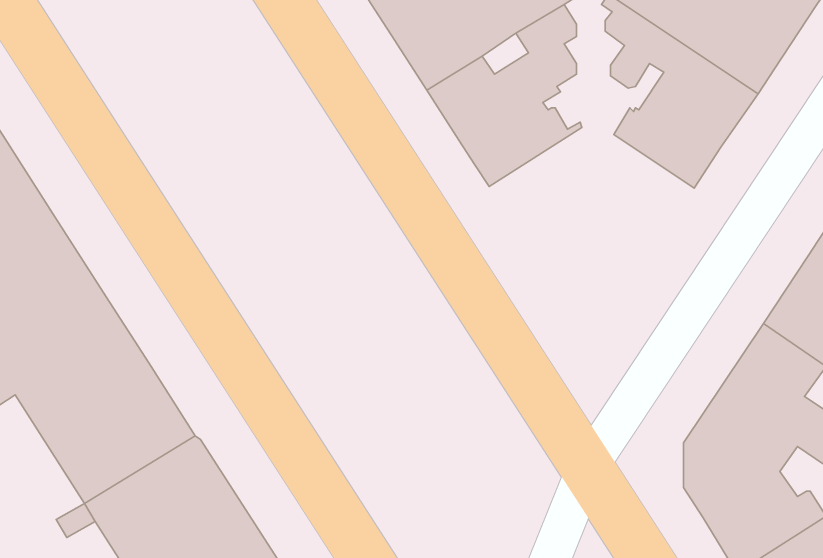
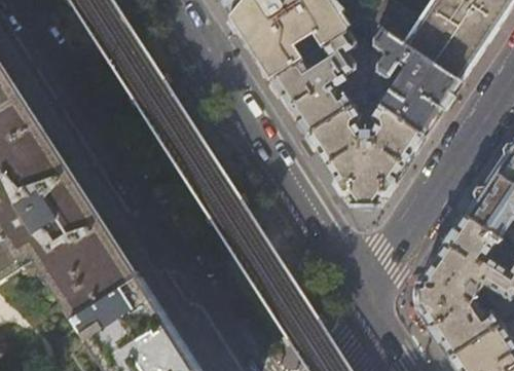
building: none -> [306,98,425,201]

